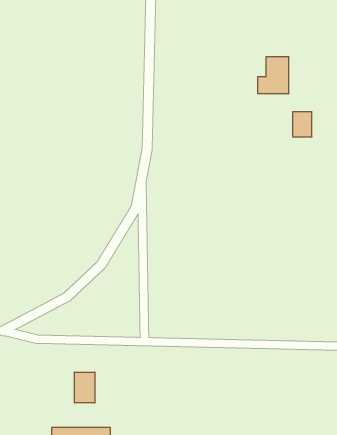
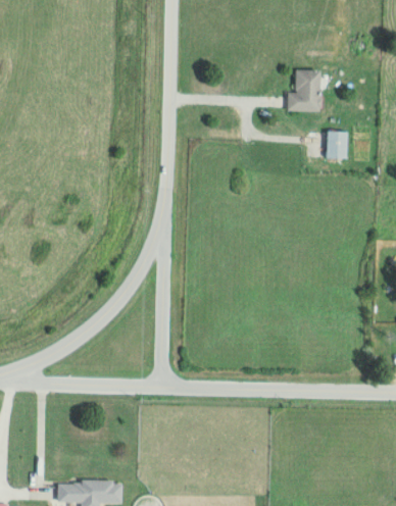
building: [74,372,95,403] -> none

